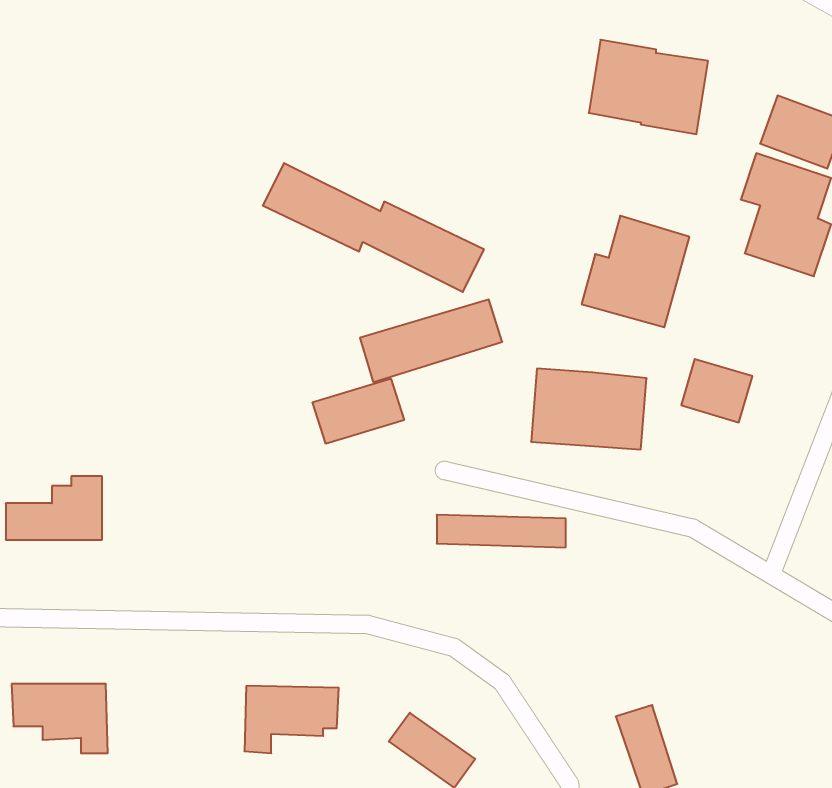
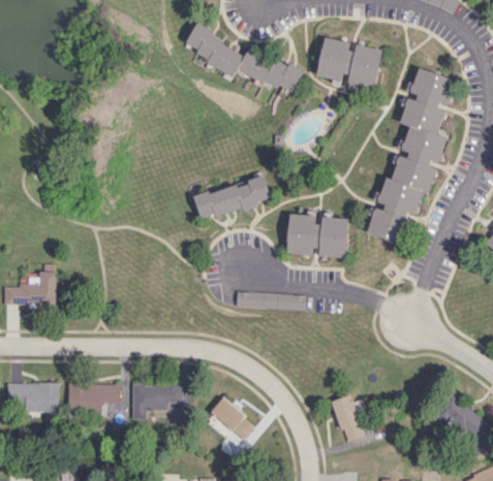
building: [263,163,484,292] -> [184,26,303,95]
building: [582,216,689,327] -> [377,156,435,216]
building: [313,379,404,444] -> none
building: none -> [68,383,120,412]

